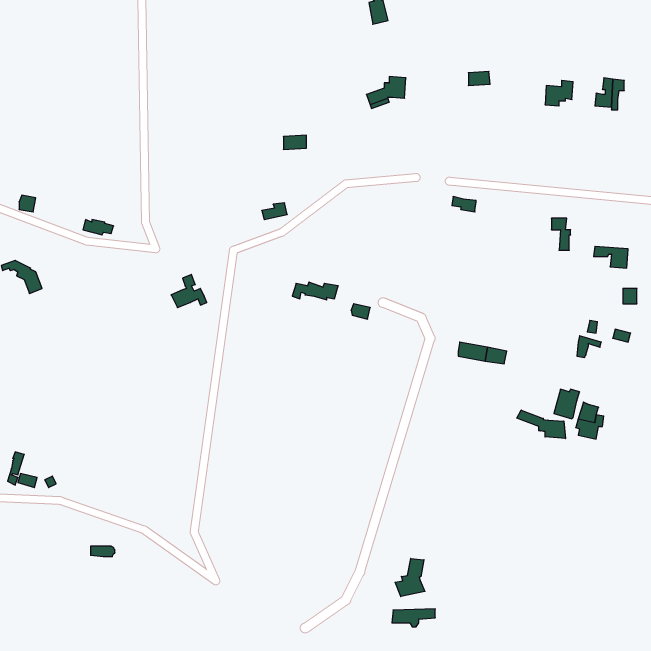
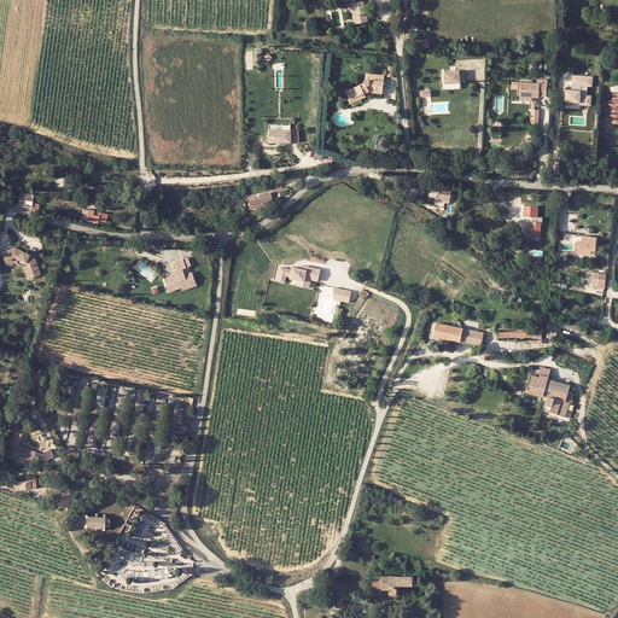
building: [517,410,565,439] -> none
building: [395,558,425,597] -> none

